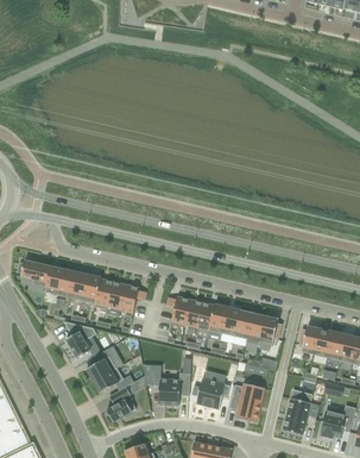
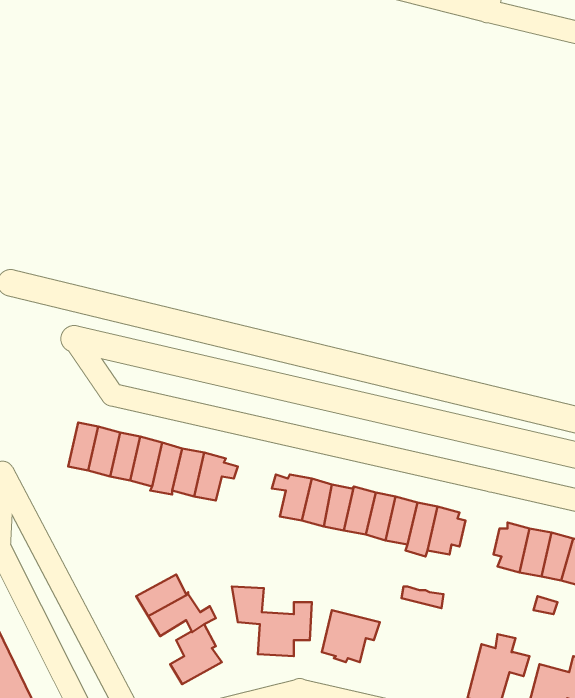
building: [18,259,51,291] -> none
building: [64,321,97,358] -> none
building: [229,382,264,422] -> none

